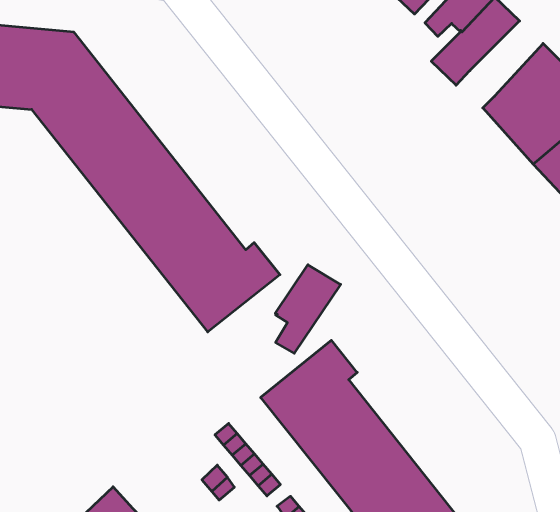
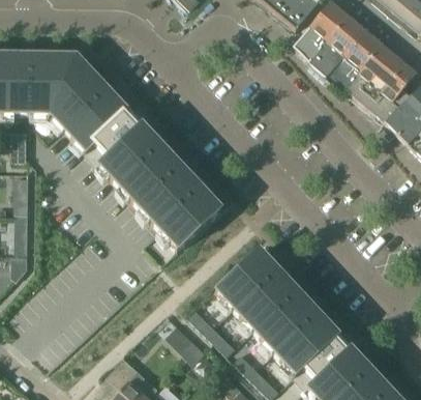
building: none -> [335,27,382,78]
building: [275,265,341,353] -> none

